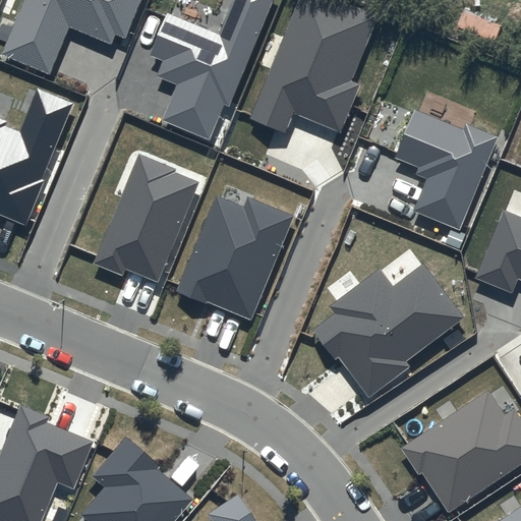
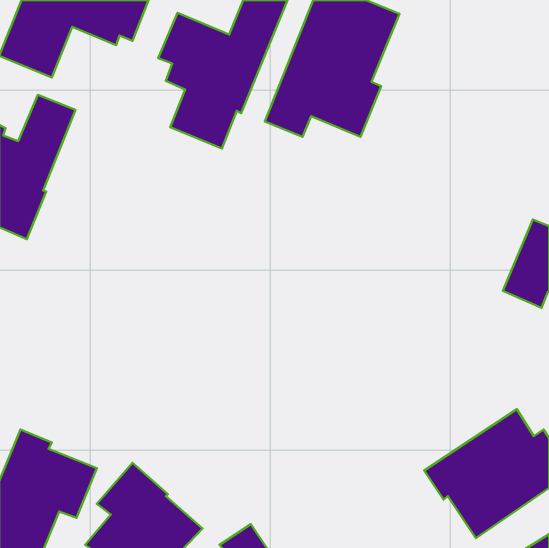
building: [397,110,498,228] -> none
building: [93,156,196,283] -> none
building: [176,195,294,319] -> none
building: [313,263,464,397] -> none

